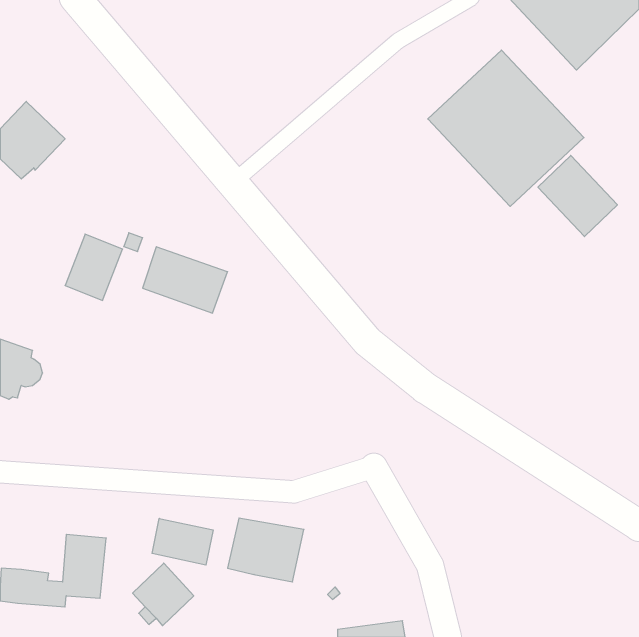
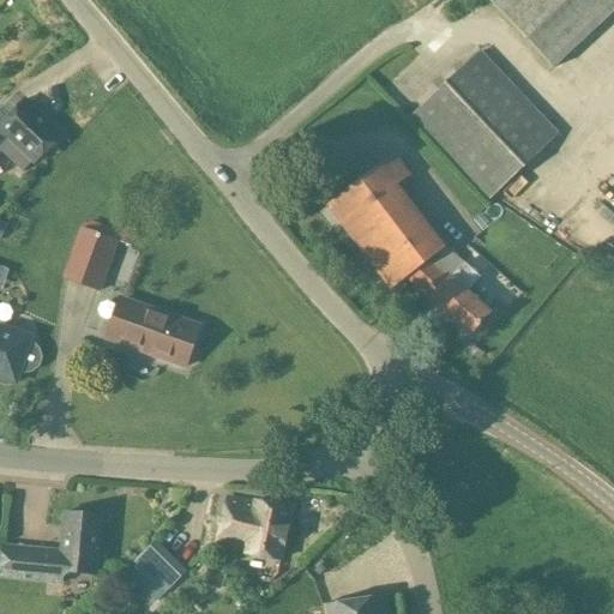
building: [538,155,617,237] -> none
building: none -> [326,151,490,333]
building: [143,247,228,313] -> [114,300,195,363]
building: [152,518,213,565] -> none

